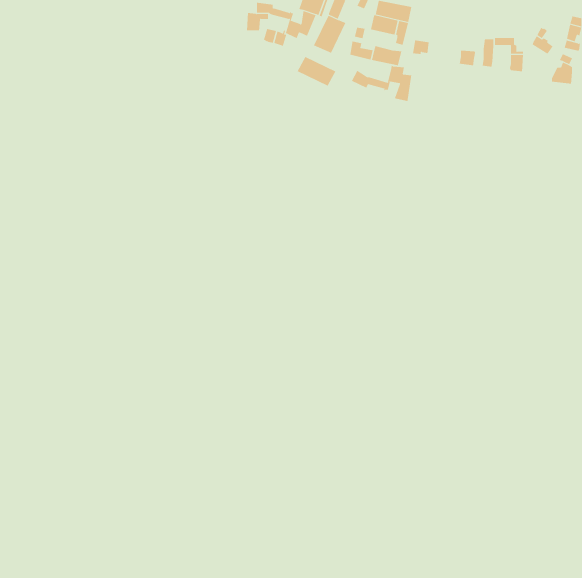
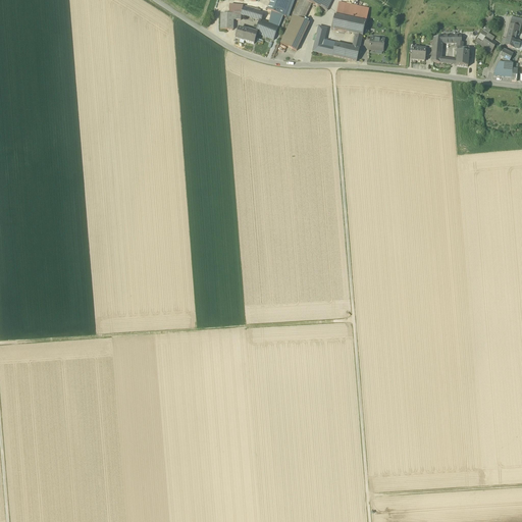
building: [297,56,336,87] -> none
building: [351,65,412,102] -> none

